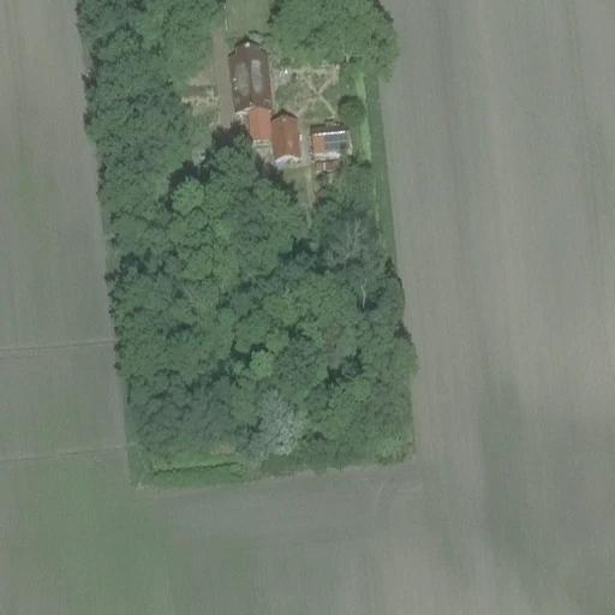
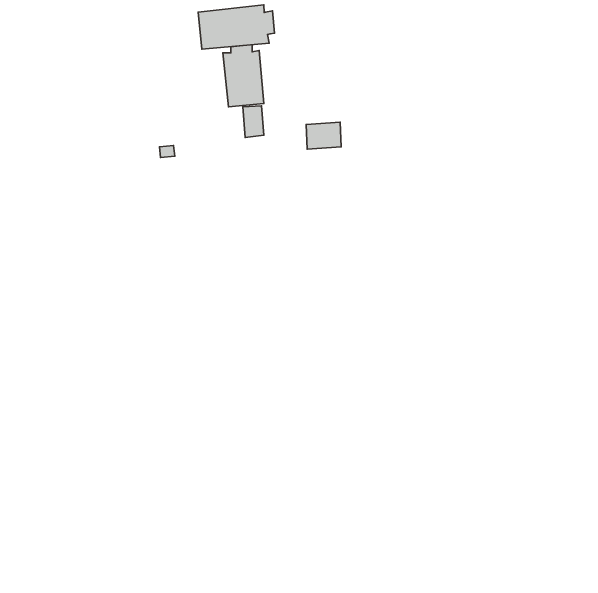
building: none -> [198,5,275,49]
building: [271,117,301,159] -> none

